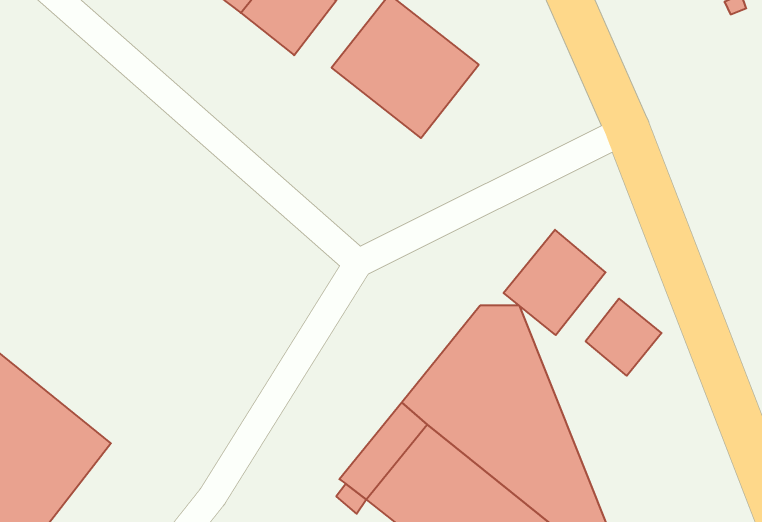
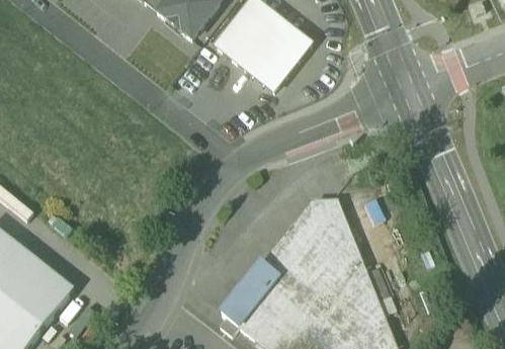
building: [504,230,606,335] -> none
building: [586,299,662,376] -> none

